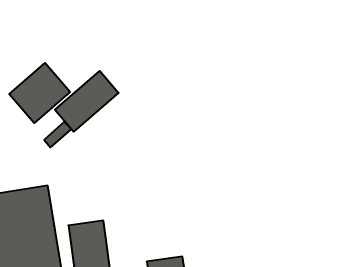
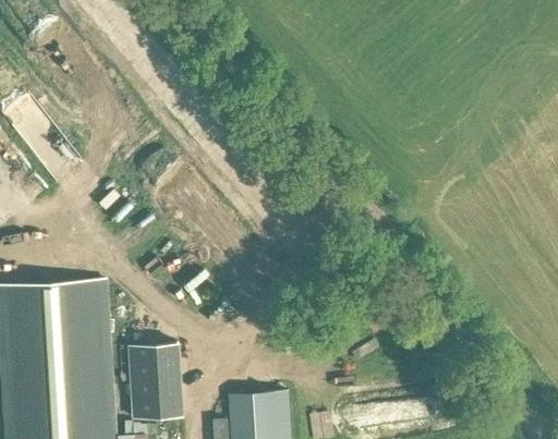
building: [9,63,70,123] -> none
building: [55,71,119,132] -> none

